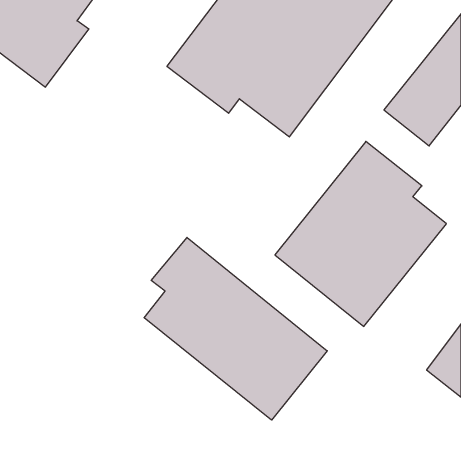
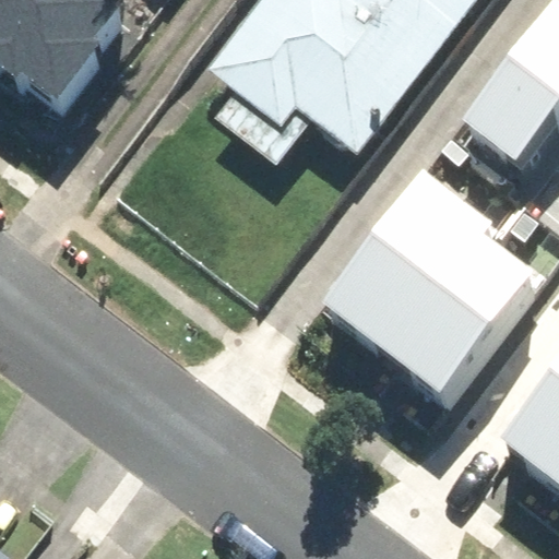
building: [144,237,327,420] -> none

